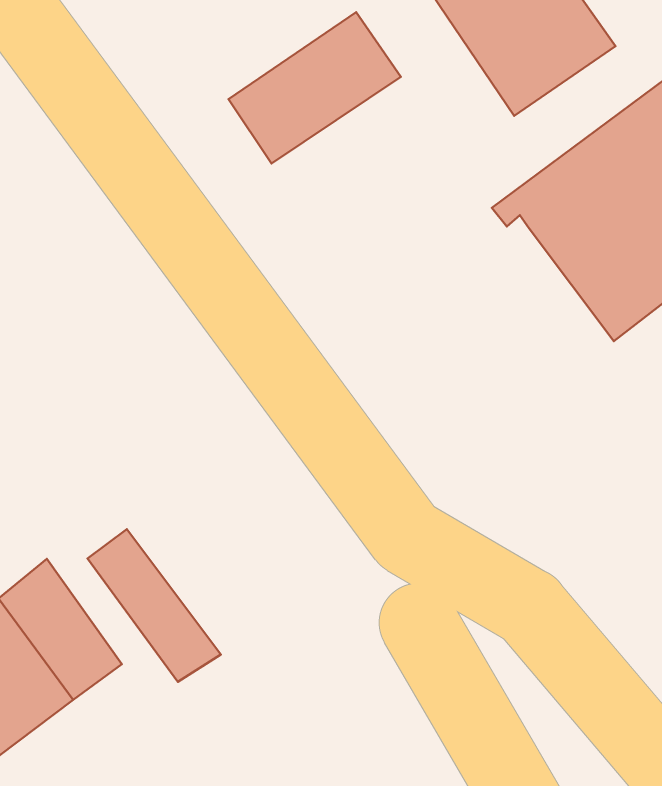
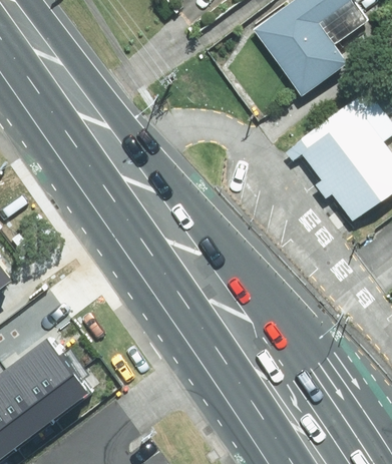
building: [229,12,401,163] -> none
building: [87,529,221,682] -> none

